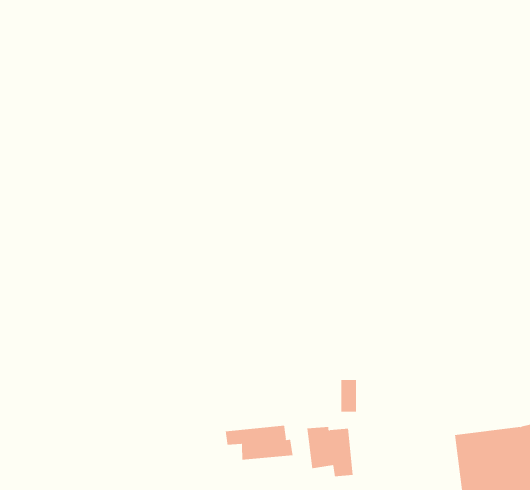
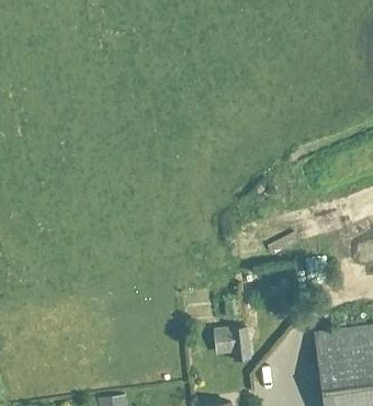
building: [225,425,293,461] -> none

